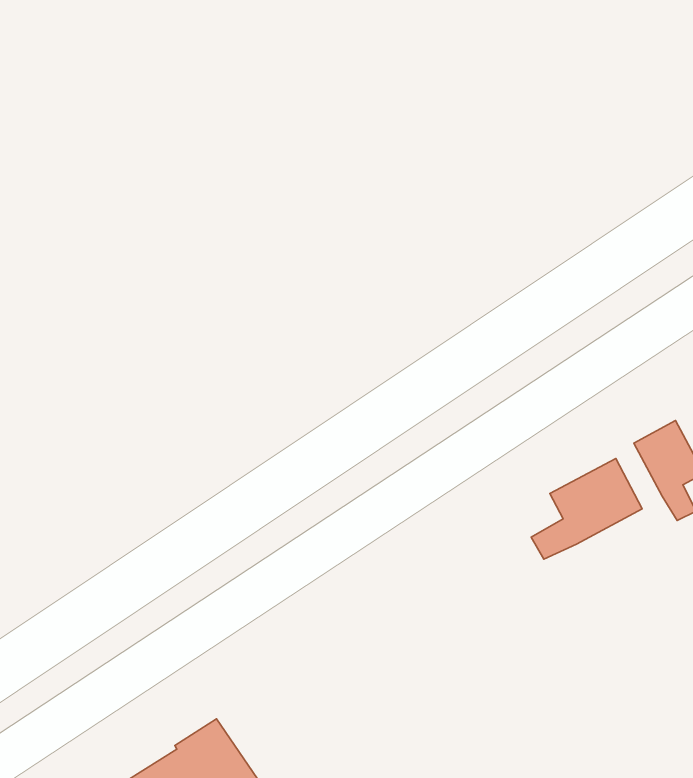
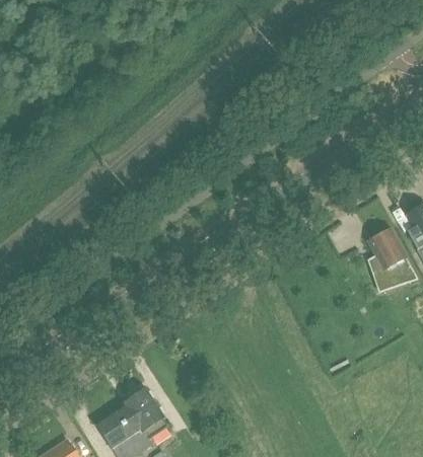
building: [531,458,642,559] -> none

